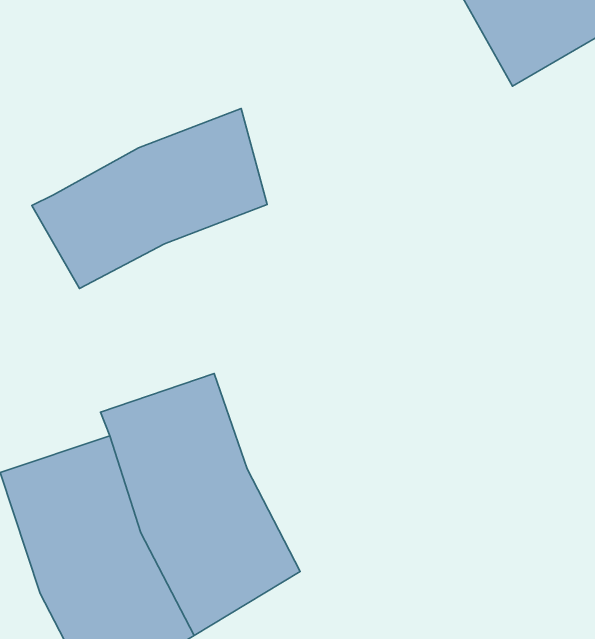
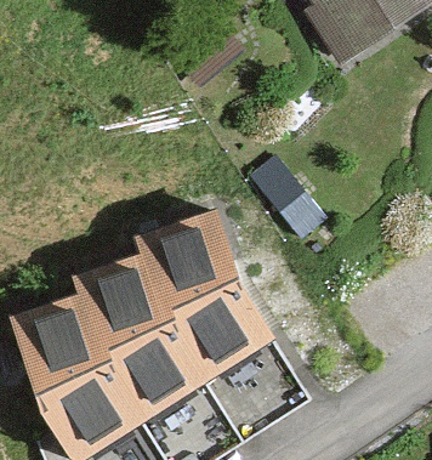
building: [32,108,267,289] -> none
building: none -> [141,208,272,381]

